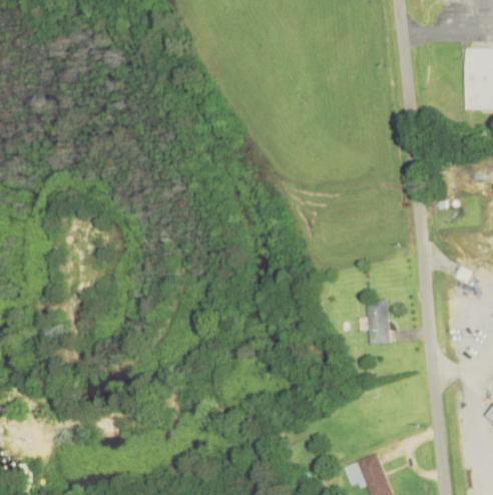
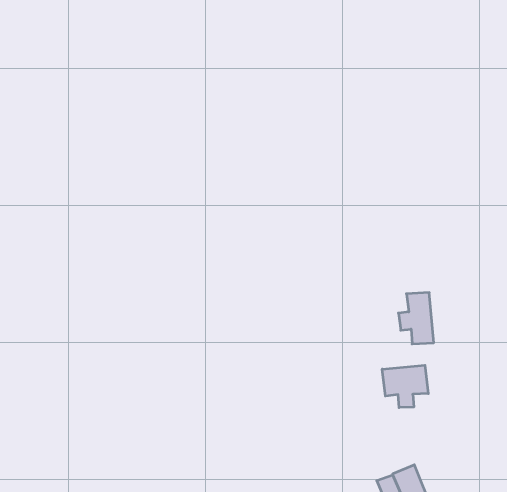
building: none -> [382,365,428,408]

